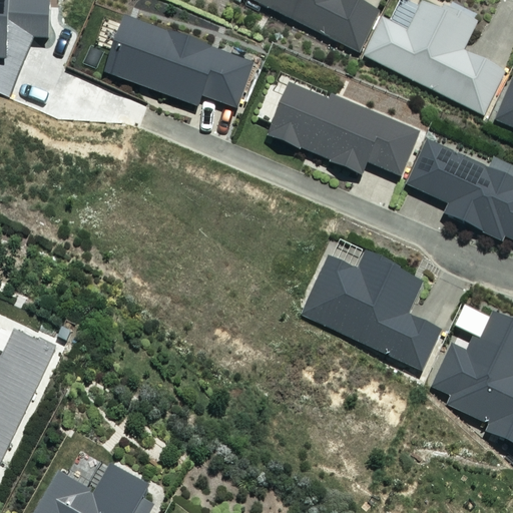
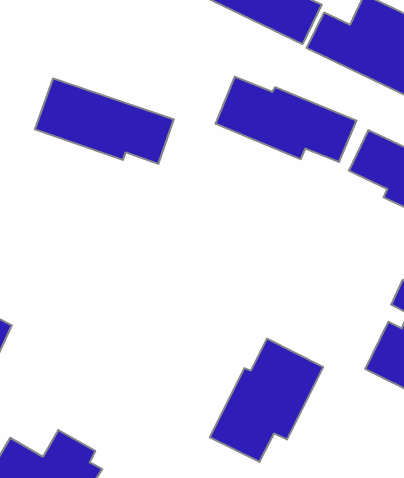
building: [108,20,253,109] -> [35,78,174,164]
building: [302,253,440,370] -> none
building: none -> [210,339,323,462]

